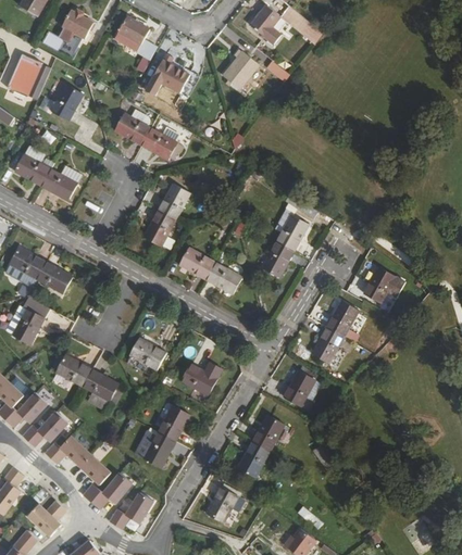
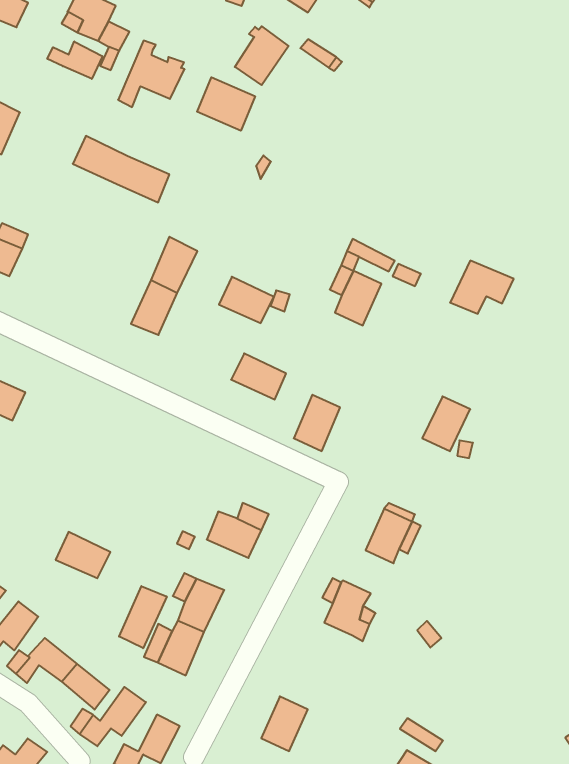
building: none -> [47,41,102,79]
building: none -> [197,77,255,131]
building: [261,240,292,277] -> [294,395,340,451]
building: [178,247,214,278] -> [219,277,274,323]
building: [362,267,404,302] -> [450,261,514,314]
building: [311,326,342,362] -> none
building: [128,338,165,369] -> none
building: [54,354,91,386] -> none
building: none -> [119,586,167,648]
building: [237,440,270,476] -> none

